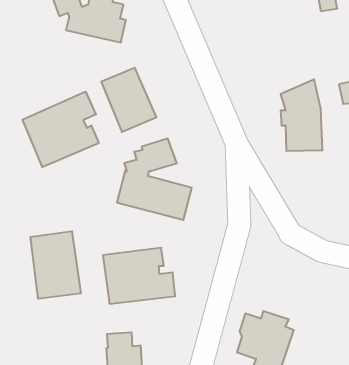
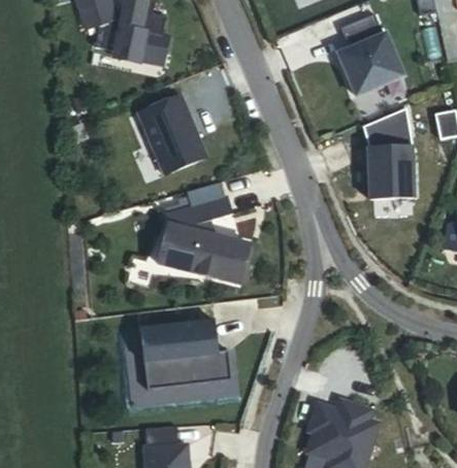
building: none -> [341,13,405,96]
building: [22,92,99,167] -> none
building: [30,231,81,299] -> none

